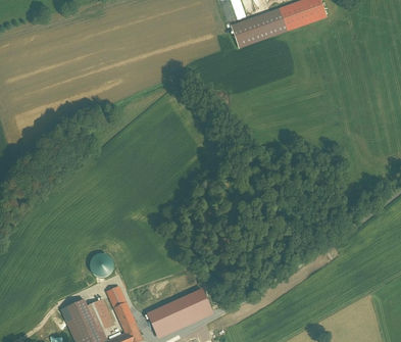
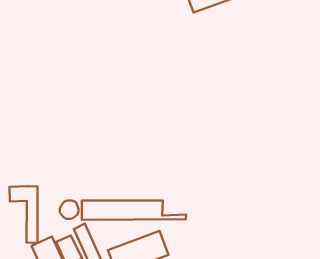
building: none -> [10,186,37,243]
building: none -> [82,200,186,220]

